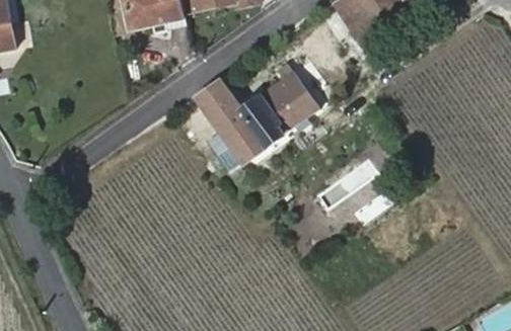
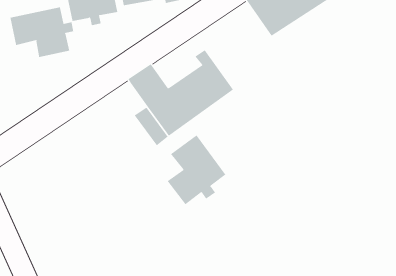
building: none -> [10,6,74,58]
building: none -> [167,134,226,205]

